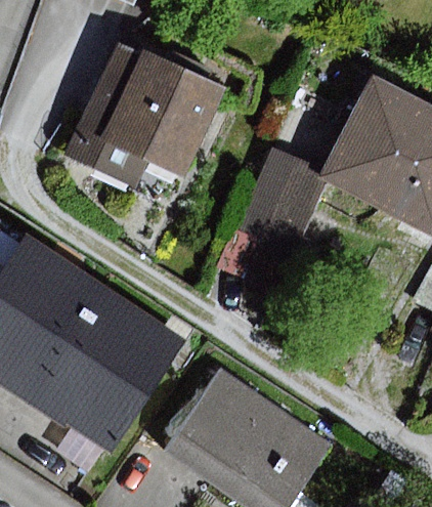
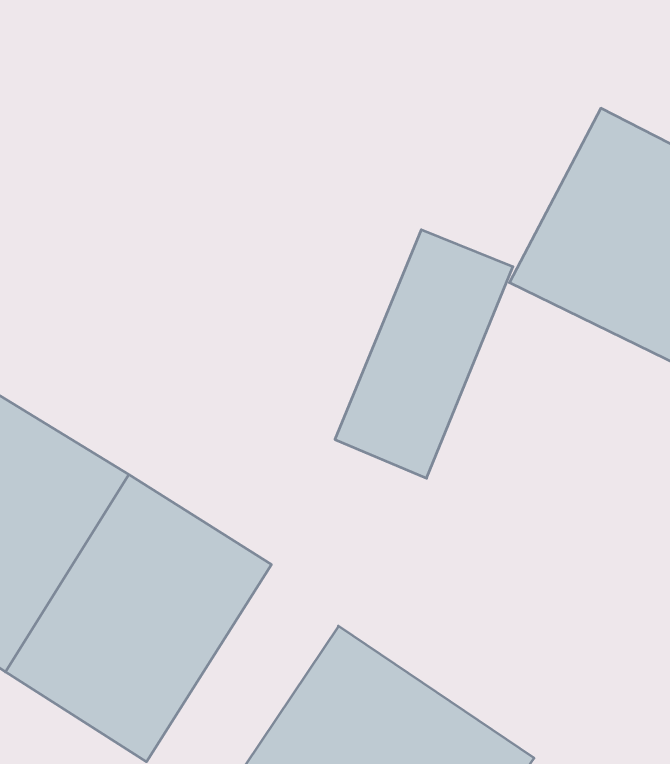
building: [74,41,233,183] -> none

